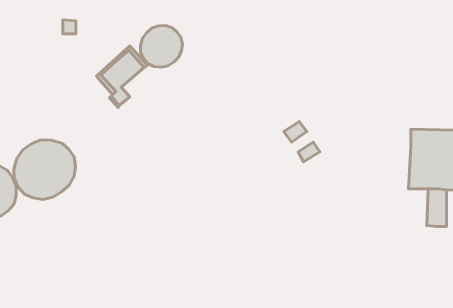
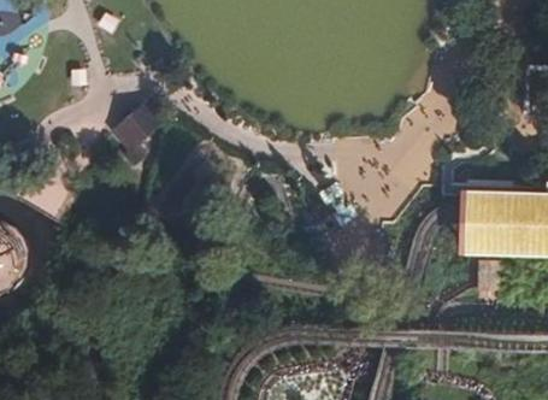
building: [140,25,183,67] -> none
building: [14,140,76,199] -> none

